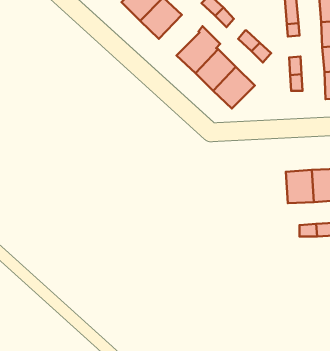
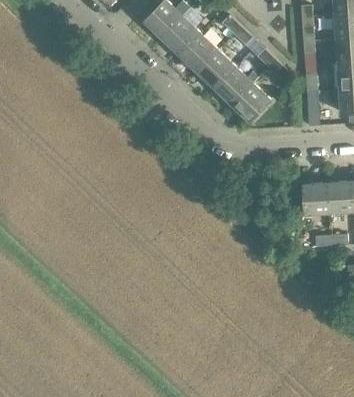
building: none -> [179,33,218,72]

